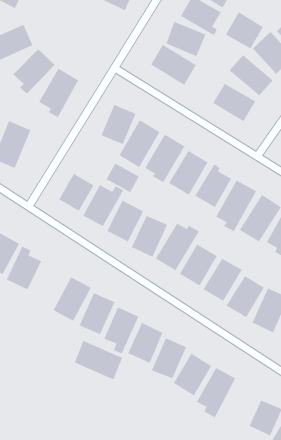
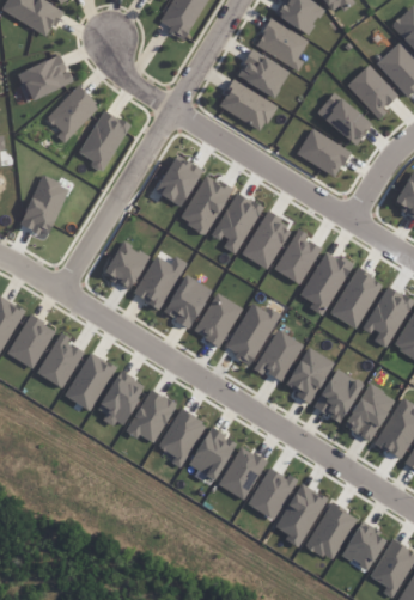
building: [225,11,264,50] -> none
building: [106,162,140,193] -> none
building: none -> [65,351,115,410]
building: [74,340,123,380] -> none
building: none -> [305,502,357,561]

